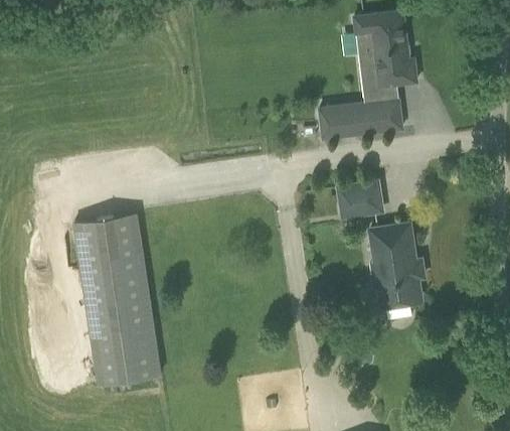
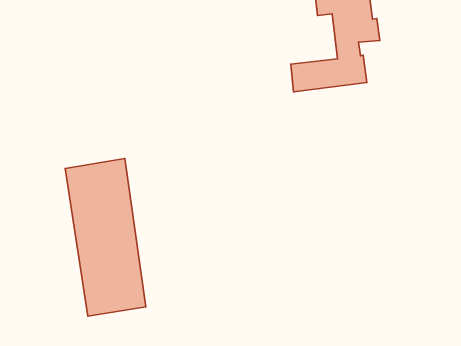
building: [338,181,382,218] -> none
building: [370,224,424,320] -> none

